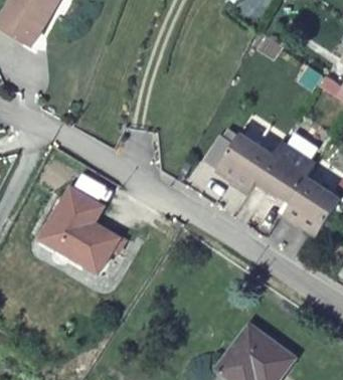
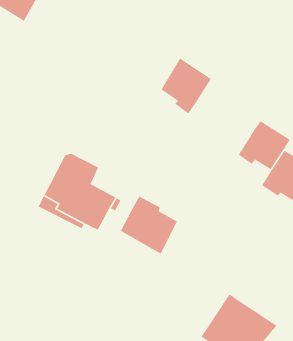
building: [218,136,272,195] -> [161,58,212,115]
building: none -> [120,195,178,255]

